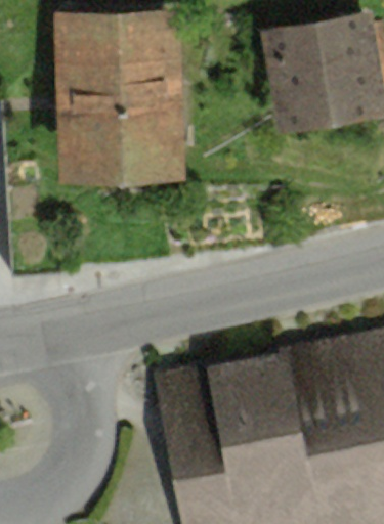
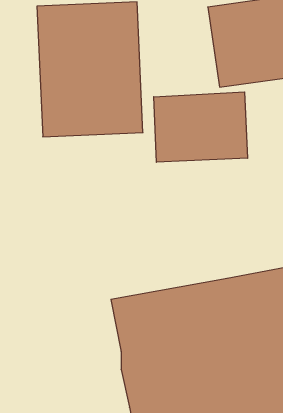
building: none -> [154,92,248,162]

